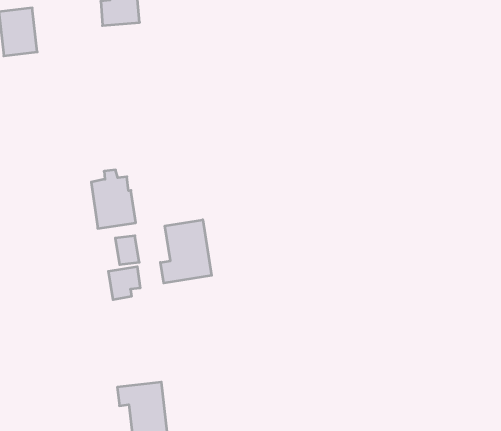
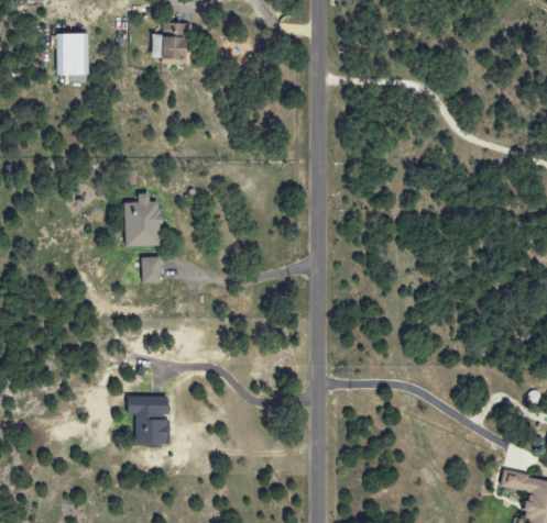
building: [160,220,212,283] -> none
building: [108,267,140,300] -> none

